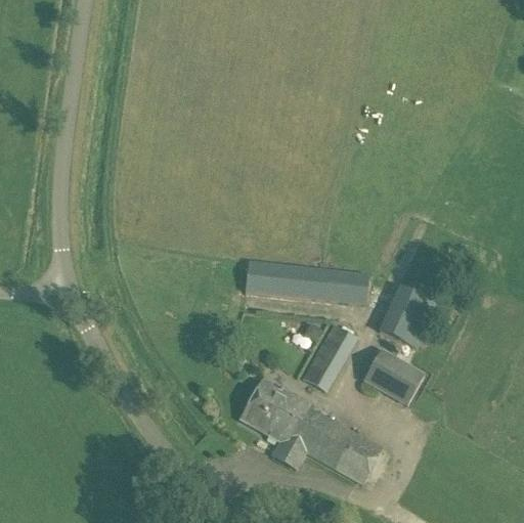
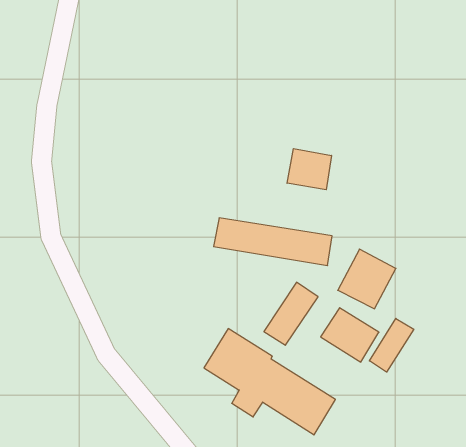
building: none -> [287,149,331,190]
building: none -> [369,318,414,372]

